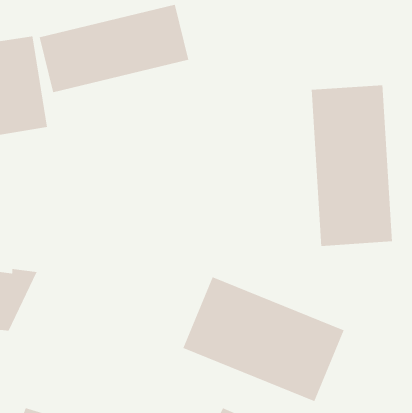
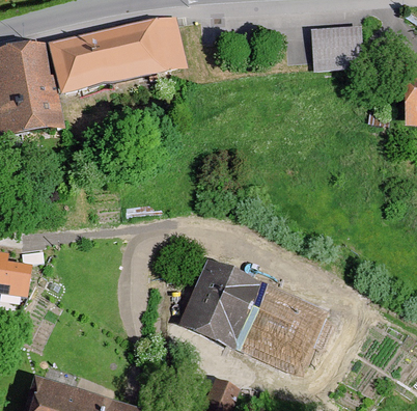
building: none -> [310,27,364,70]
building: [311,84,392,247] -> none

